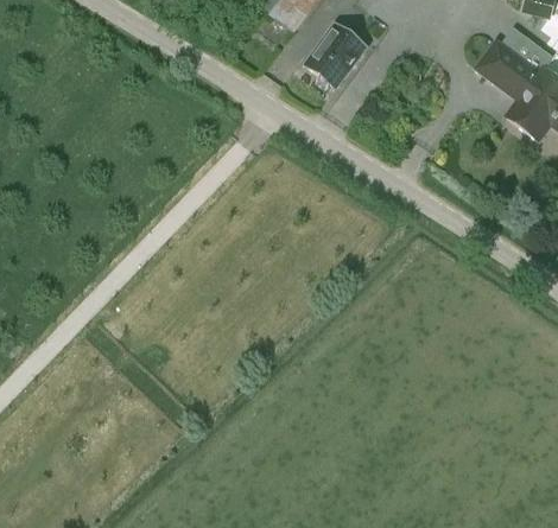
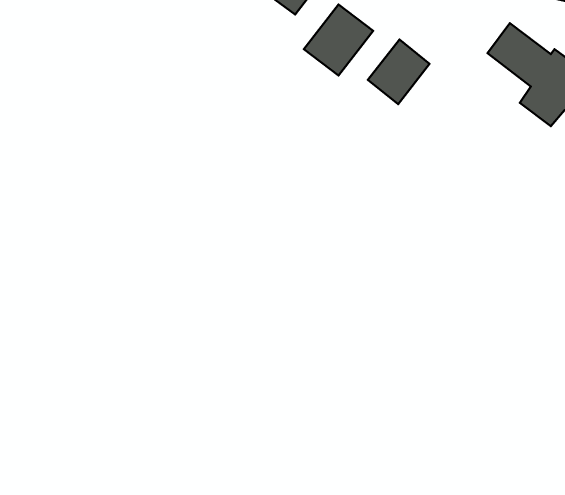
building: none -> [368,39,430,104]

